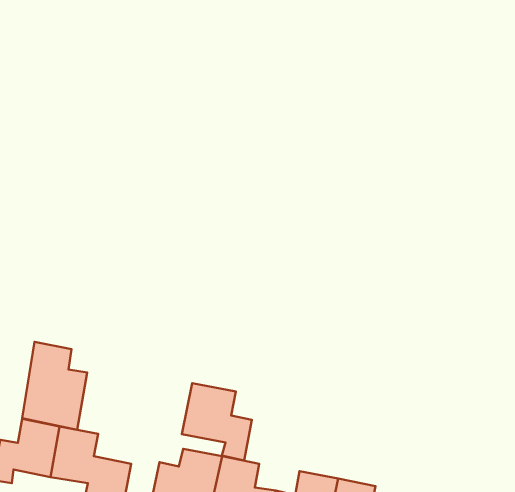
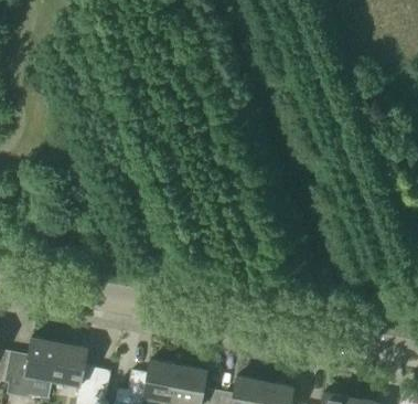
building: [22,342,87,430] -> none
building: [182,383,252,461] -> none

